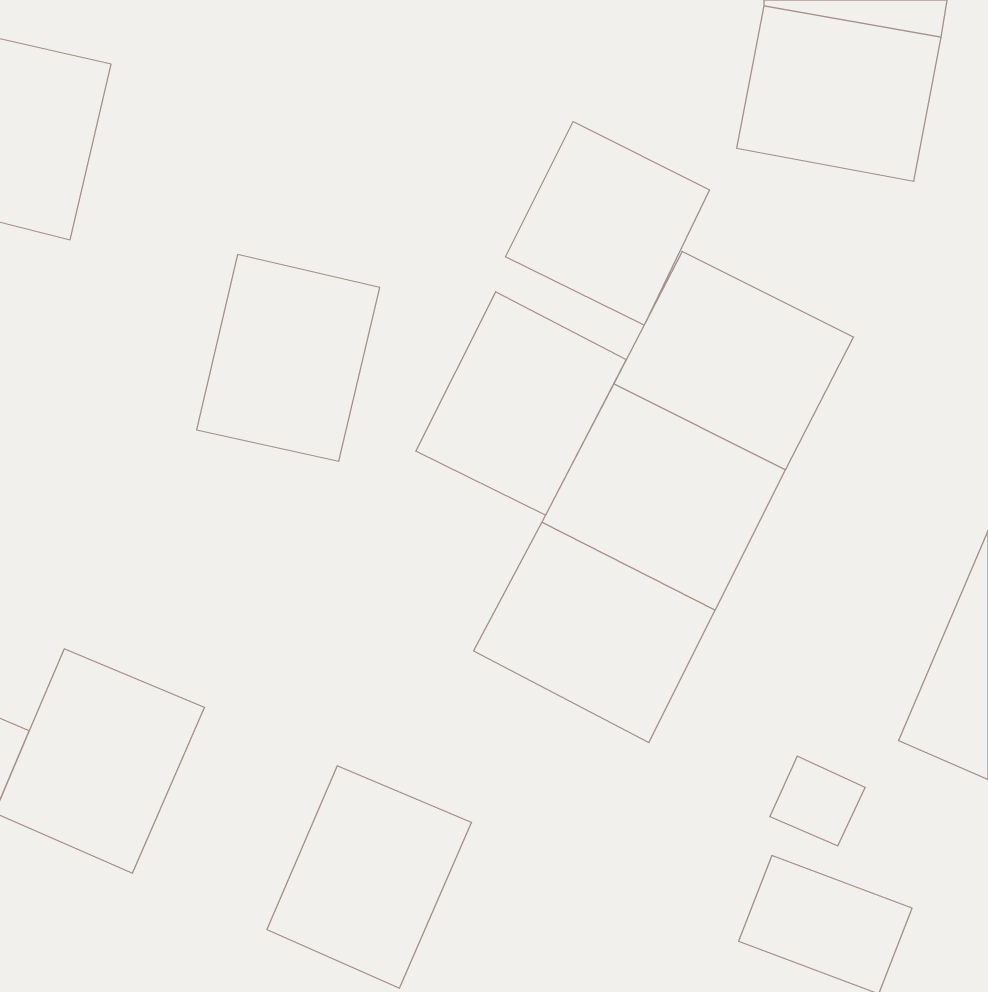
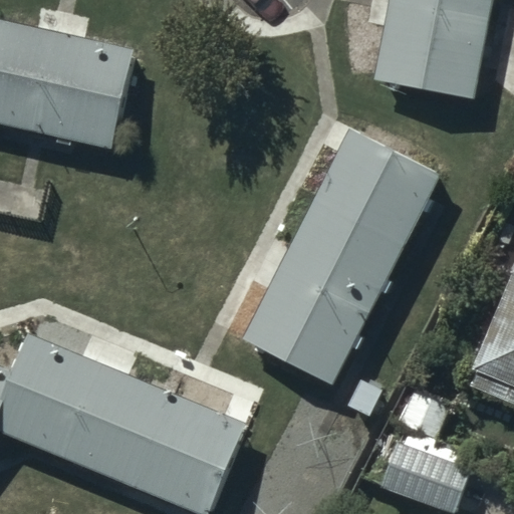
building: [506,122,709,325] -> none
building: [197,255,380,461] -> [36,35,131,142]
building: [416,292,626,515] -> none
building: none -> [68,366,174,481]

